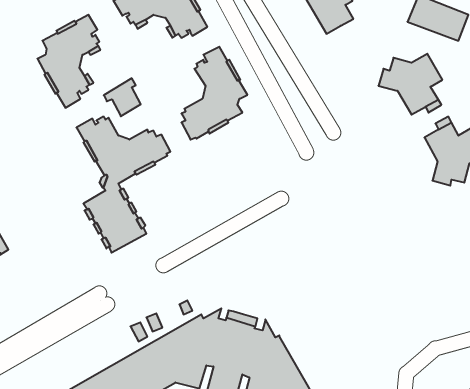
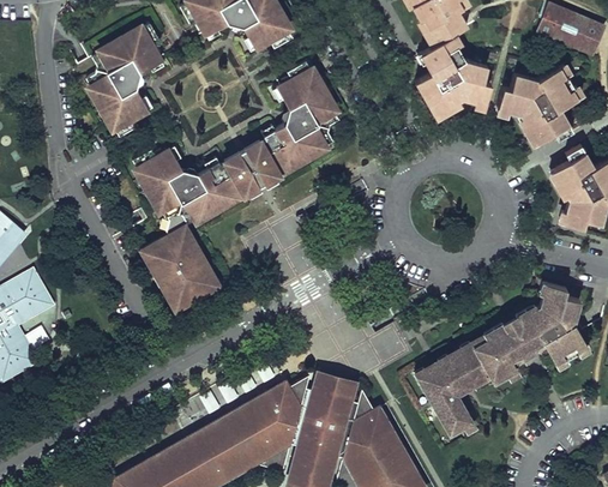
building: none -> [414,36,490,115]
building: [104,78,141,116] -> [227,142,271,187]
building: none -> [416,283,585,435]

